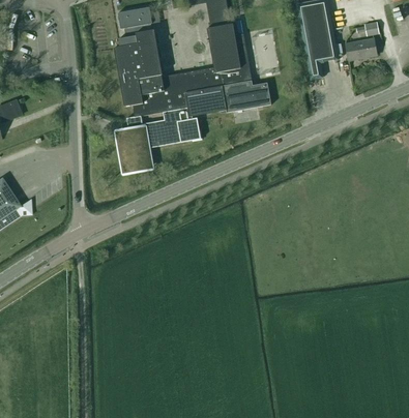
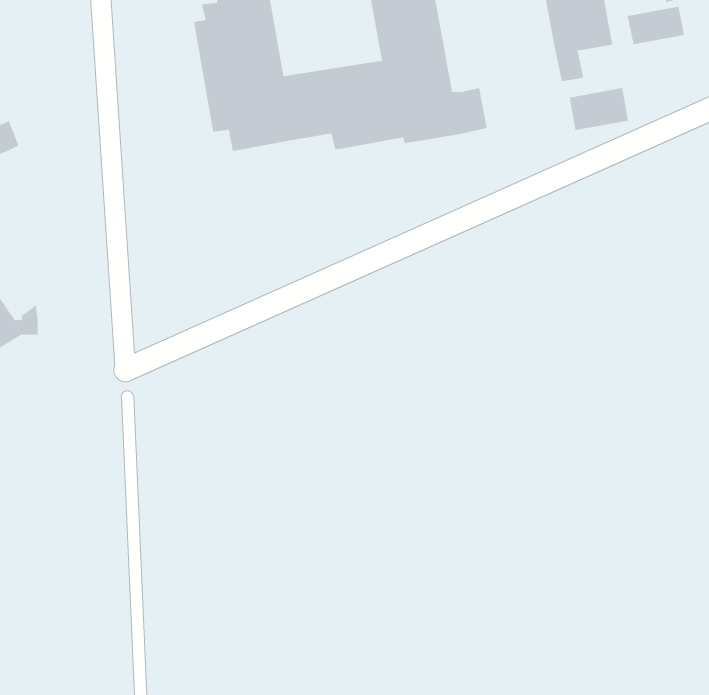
building: none -> [569,87,628,131]
building: [117,107,201,170] -> none

